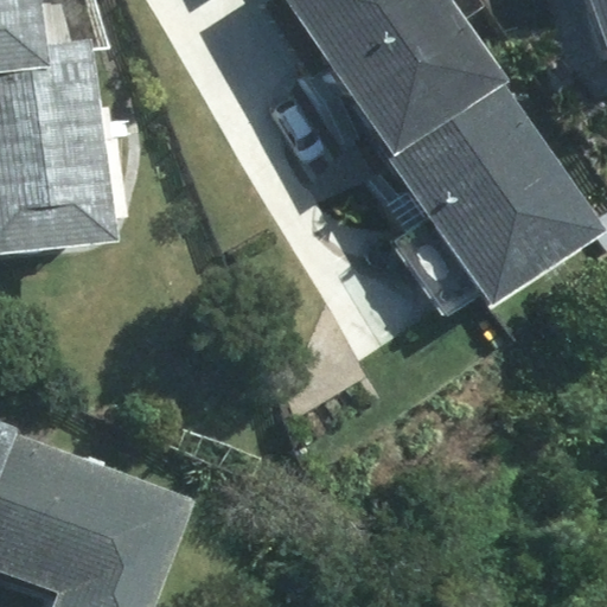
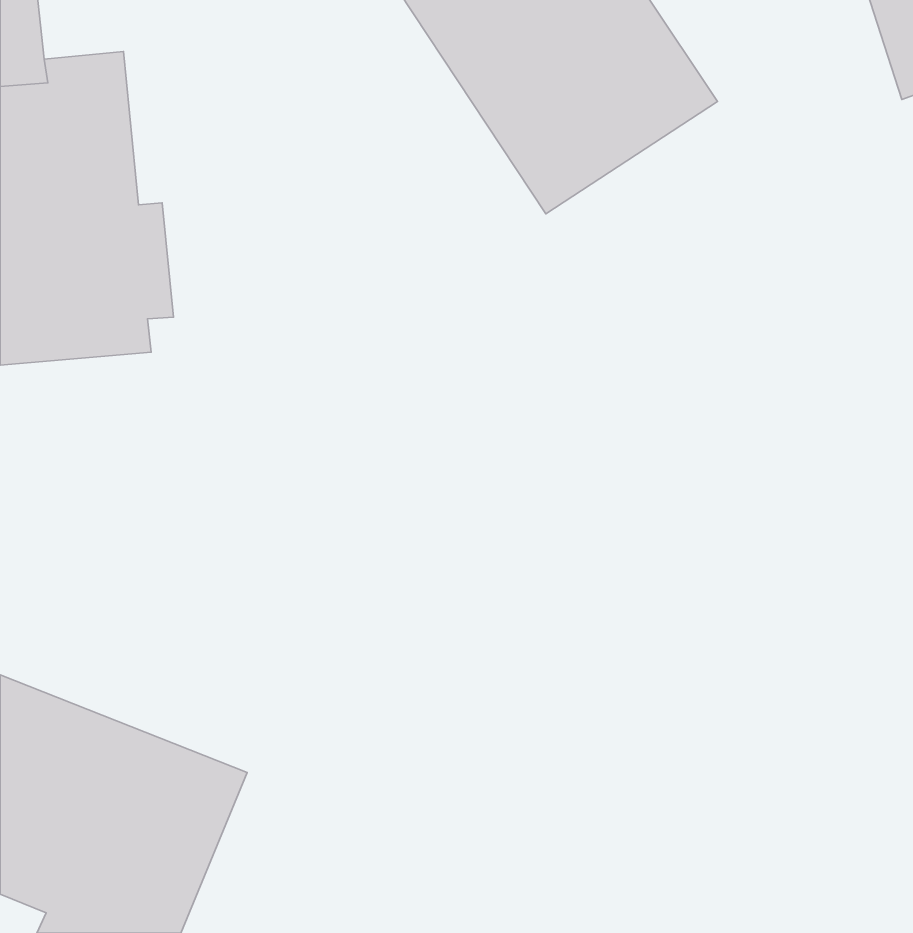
building: [370,65,583,295] -> none

